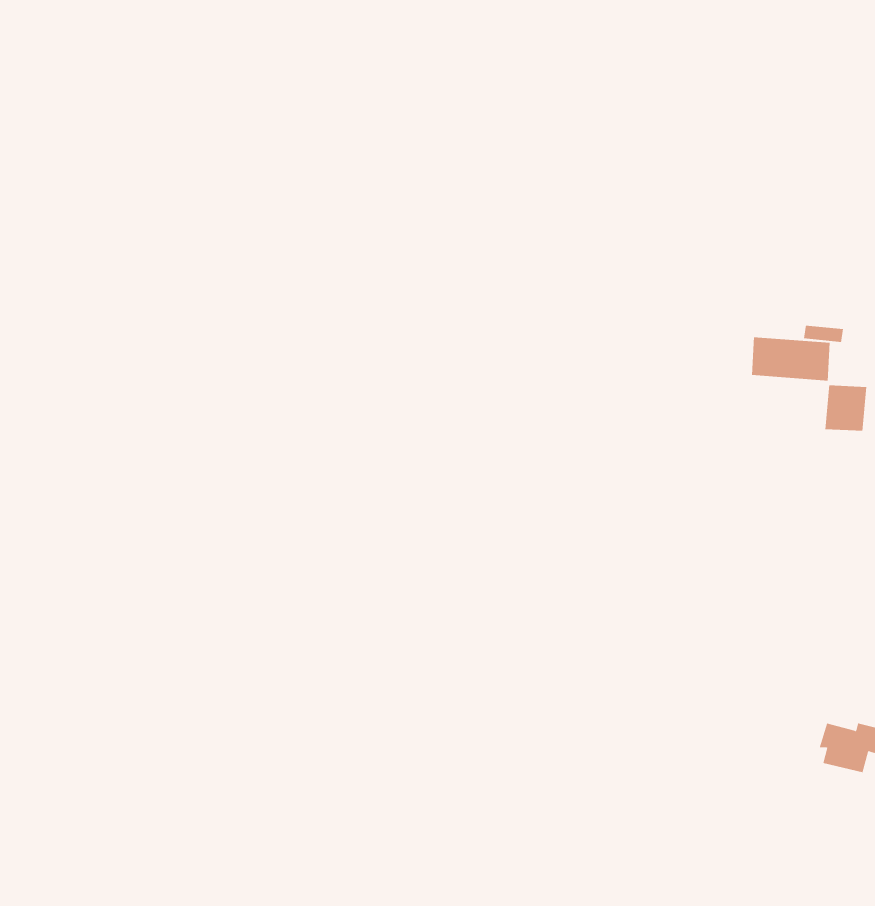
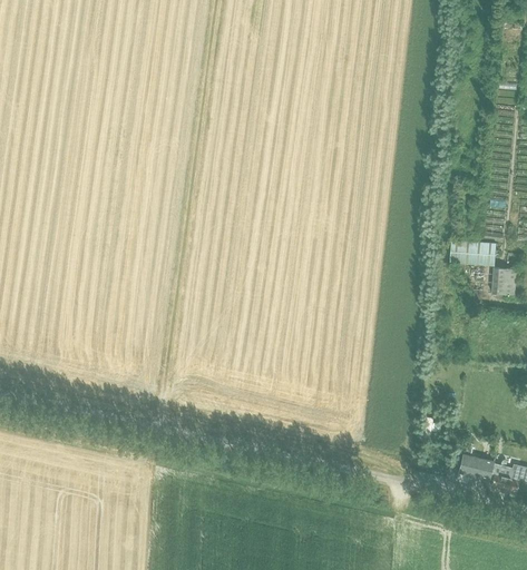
building: none -> [460,454,496,481]

